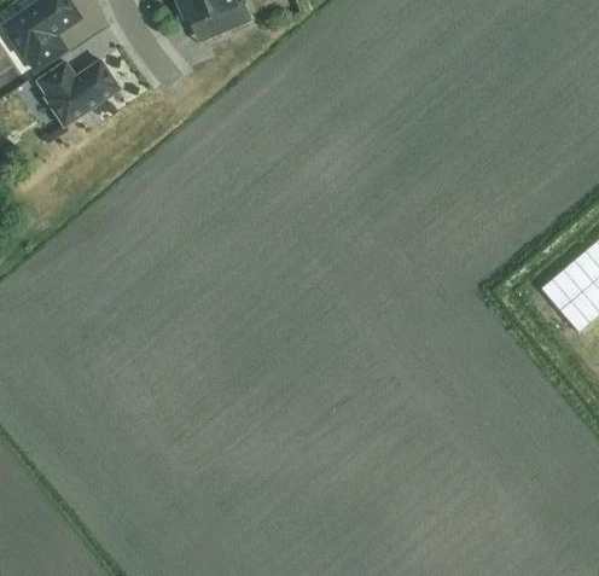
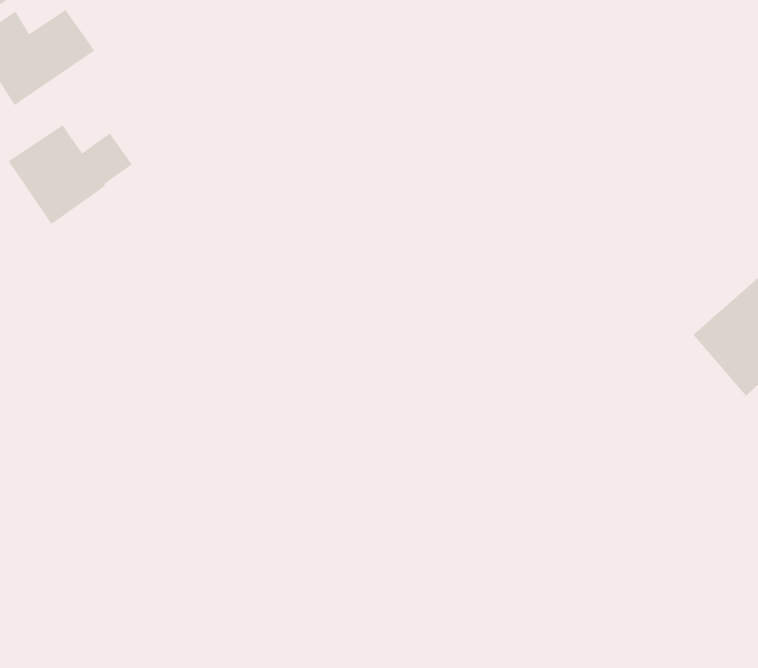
building: none -> [8,124,133,225]

